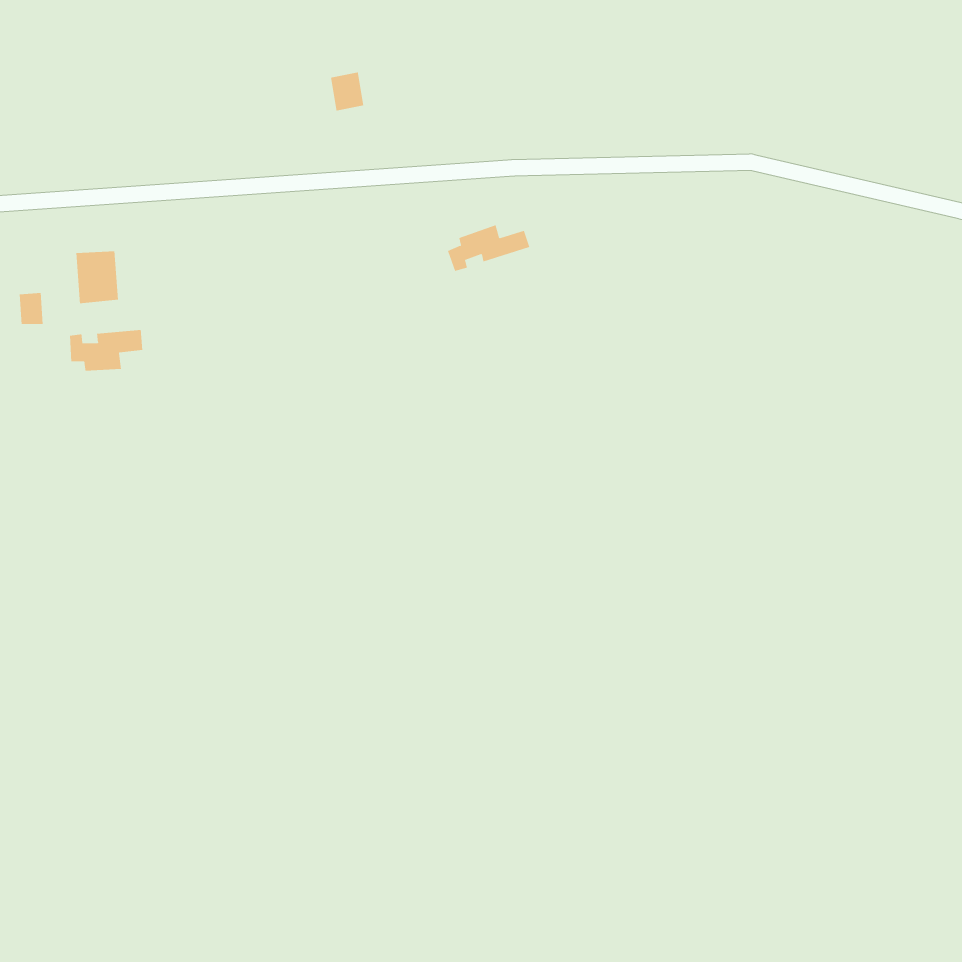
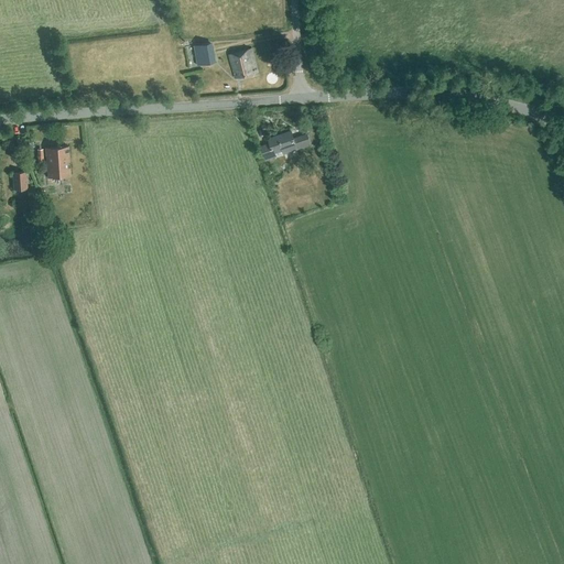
building: none -> [228,50,257,78]
building: [69,329,143,372] -> none

